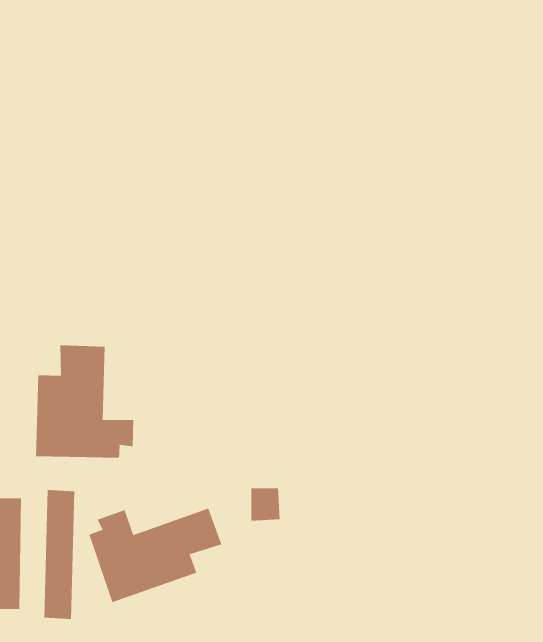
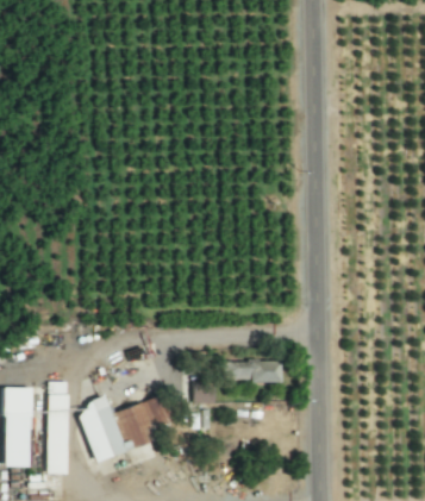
building: [36,345,134,458] -> none
building: none -> [229,362,281,382]

